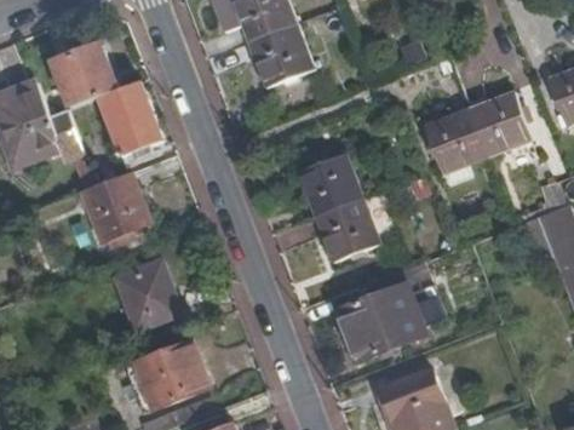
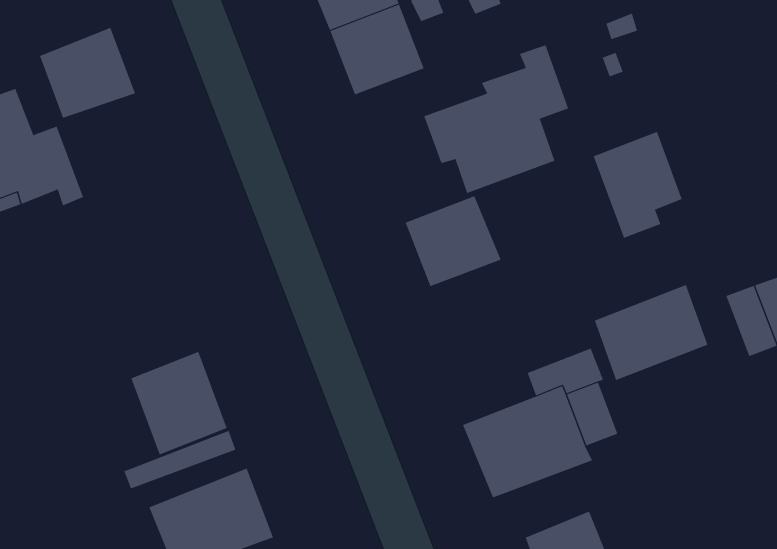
building: none -> [423,45,569,194]
building: [97,79,162,154] -> none
building: [470,92,533,156] -> none
building: [79,171,144,248] -> none
building: [316,197,381,262] -> none
building: none -> [594,284,708,381]

